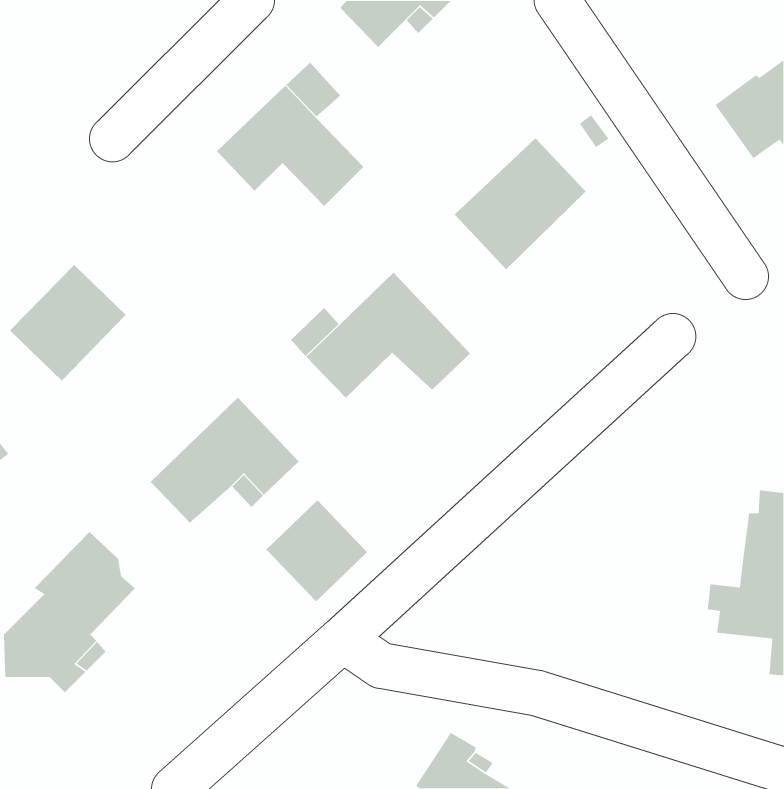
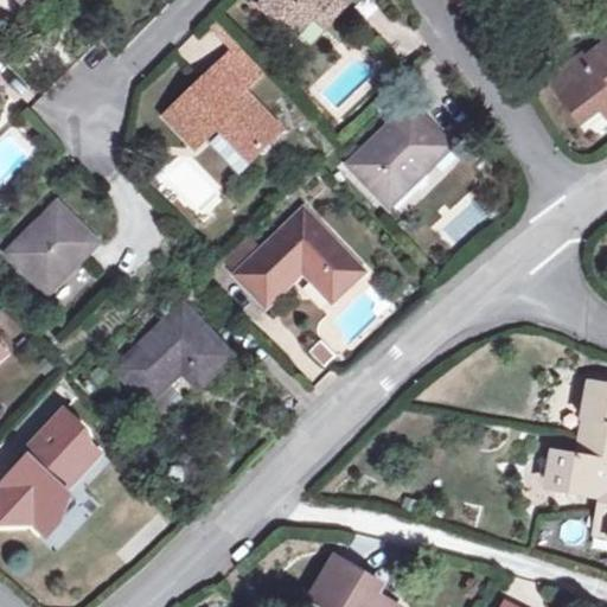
building: [266,500,368,602] -> none

